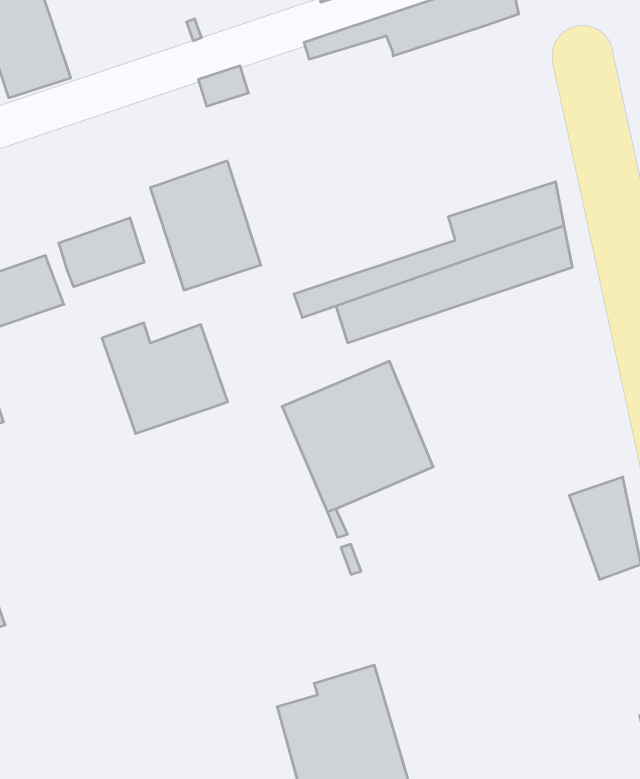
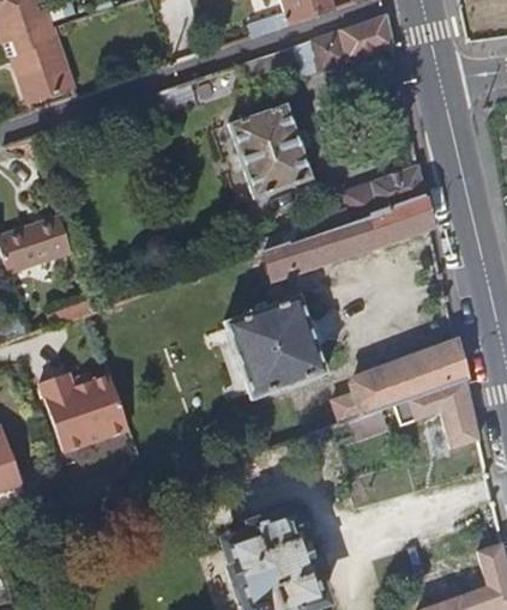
building: [150,161,261,290] -> [230,104,309,197]
building: [59,218,144,287] -> none
building: [102,323,228,434] -> [41,372,131,451]
building: none -> [330,339,467,423]

